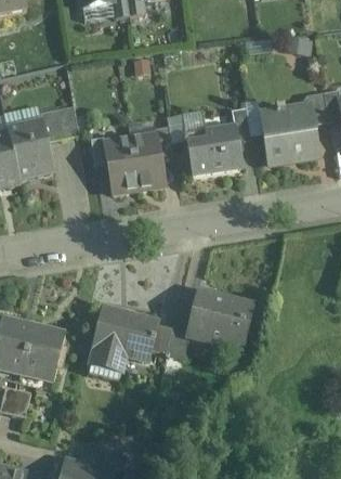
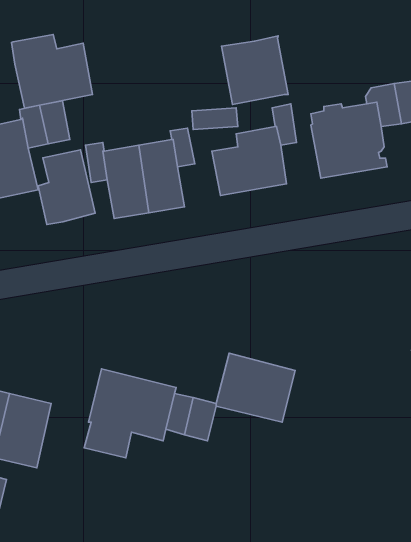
building: none -> [12,34,93,108]
building: none -> [221,36,288,104]
building: none -> [38,150,95,224]

